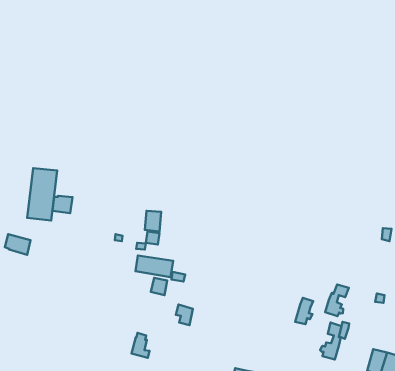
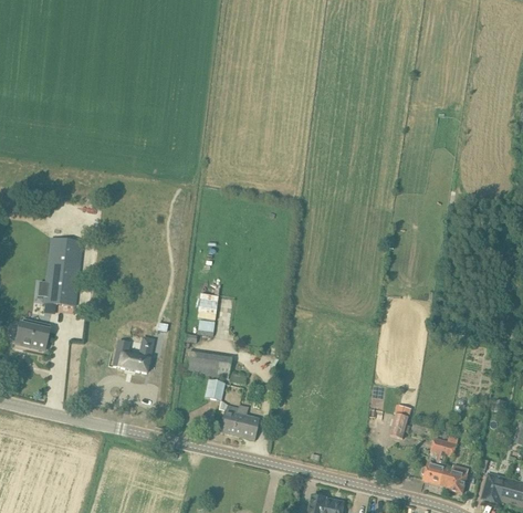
building: [52,196,73,213] -> none
building: none -> [113,339,151,373]
building: [325,284,349,316] -> none
building: [131,333,150,358] -> [219,404,242,436]
building: none -> [440,464,469,493]

